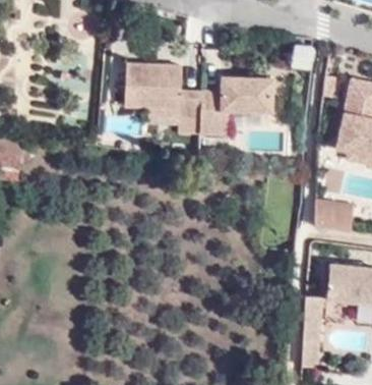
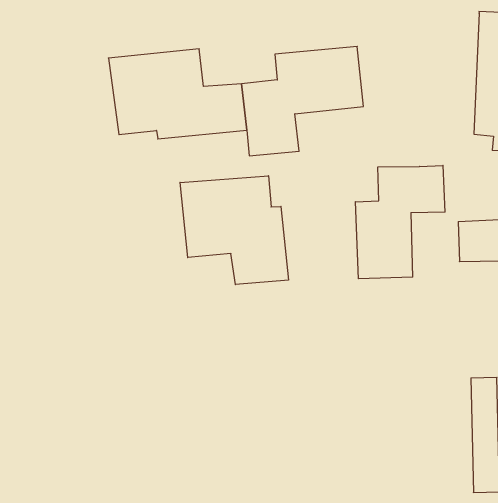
building: none -> [180,176,288,285]
building: none -> [355,165,445,279]

